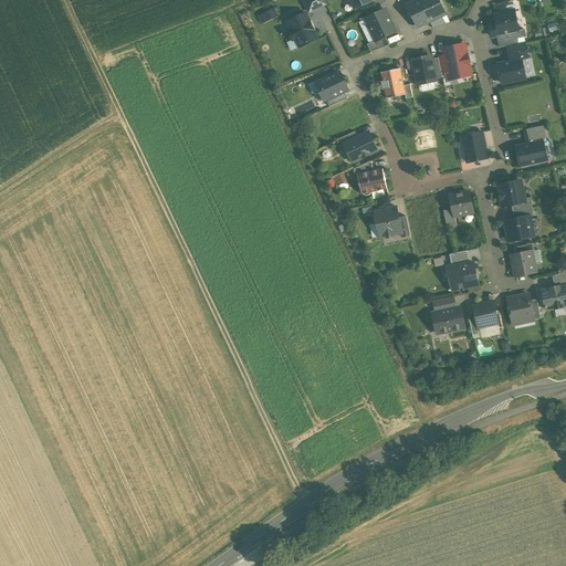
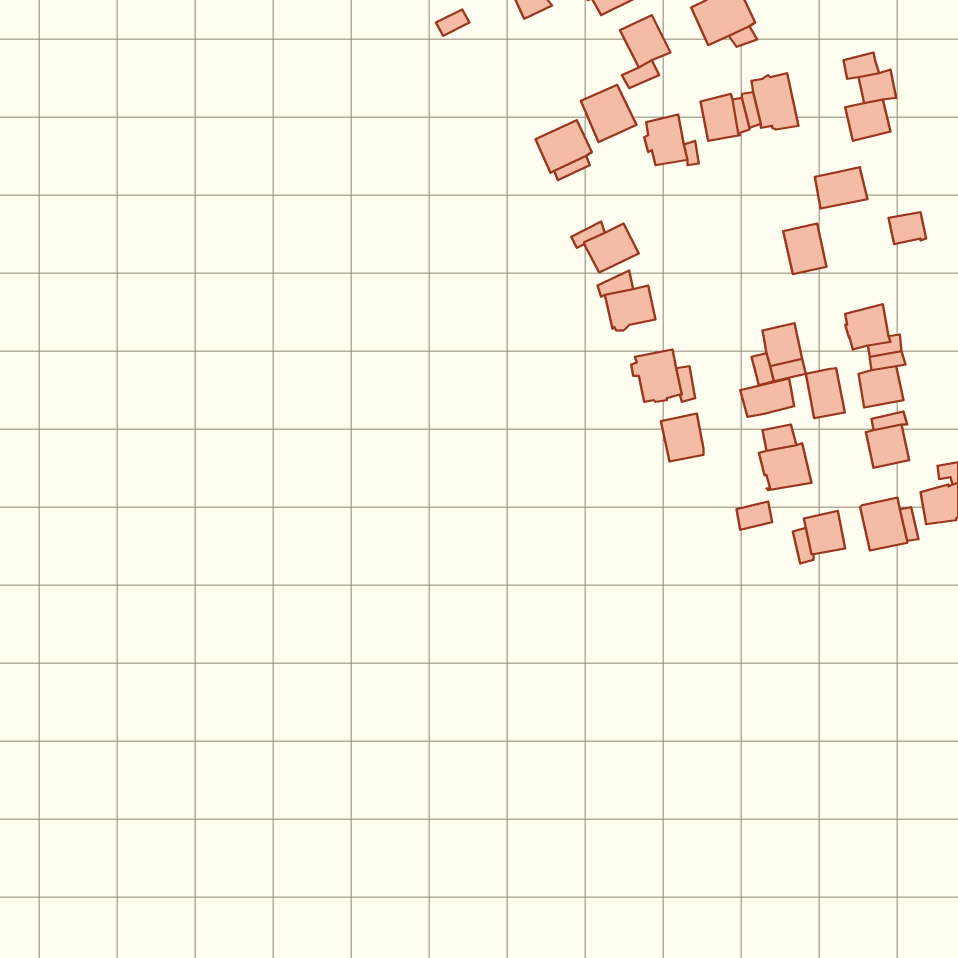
building: [489,8,517,36] -> none
building: [287,13,316,46] -> none
building: none -> [581,85,637,142]
building: [515,140,546,165] -> [815,167,868,209]
building: none -> [806,368,845,418]
building: none -> [740,379,794,417]
building: none -> [661,413,704,461]
building: [433,306,463,333] -> none

